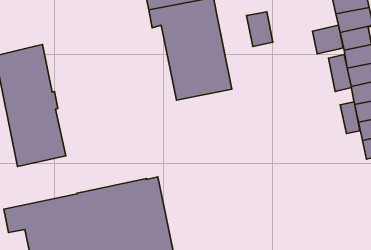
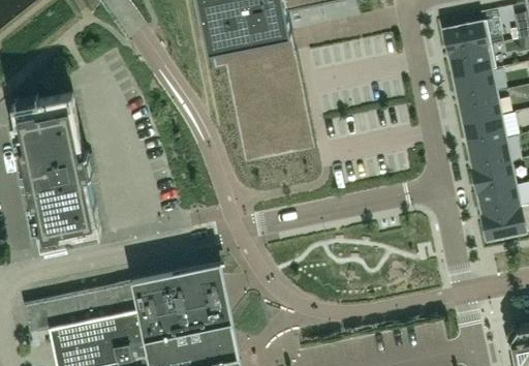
building: [246,12,273,47] -> none
building: [312,25,343,54] -> none
building: [329,54,351,91] -> none
building: [340,102,360,133] -> none

